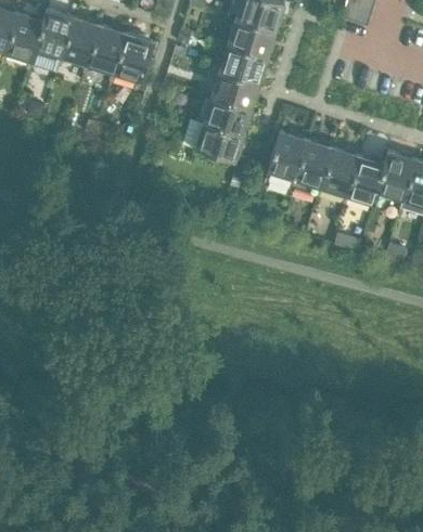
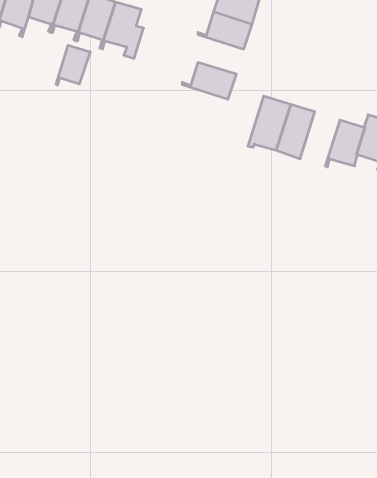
building: [210,67,258,108] -> none
building: none -> [56,45,90,85]
building: [181,119,242,161] -> none
building: [317,147,358,204] -> none

